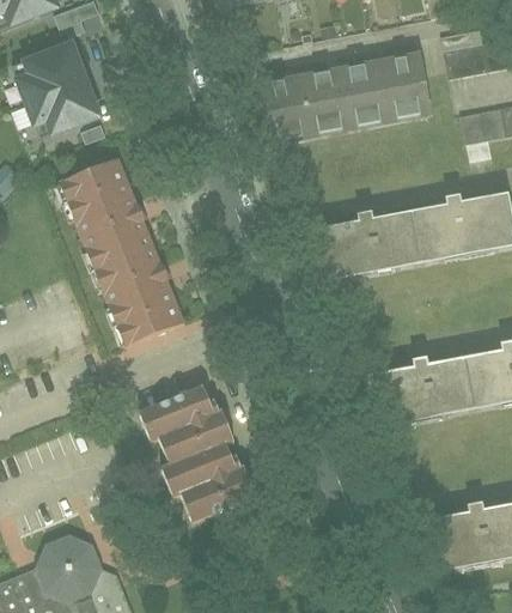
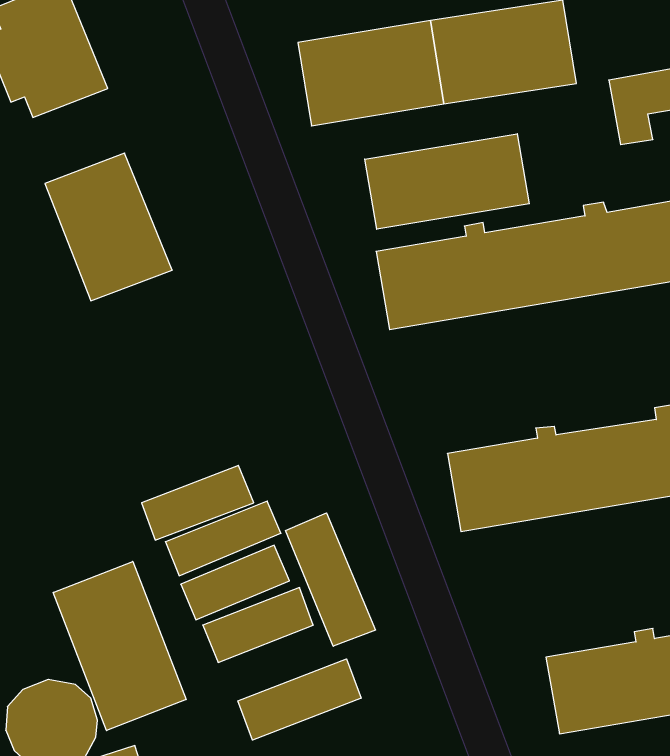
building: none -> [365,134,529,229]
building: [96,244,185,350] -> none
building: none -> [286,513,375,646]
building: none -> [53,561,186,731]
building: none -> [238,659,361,740]

